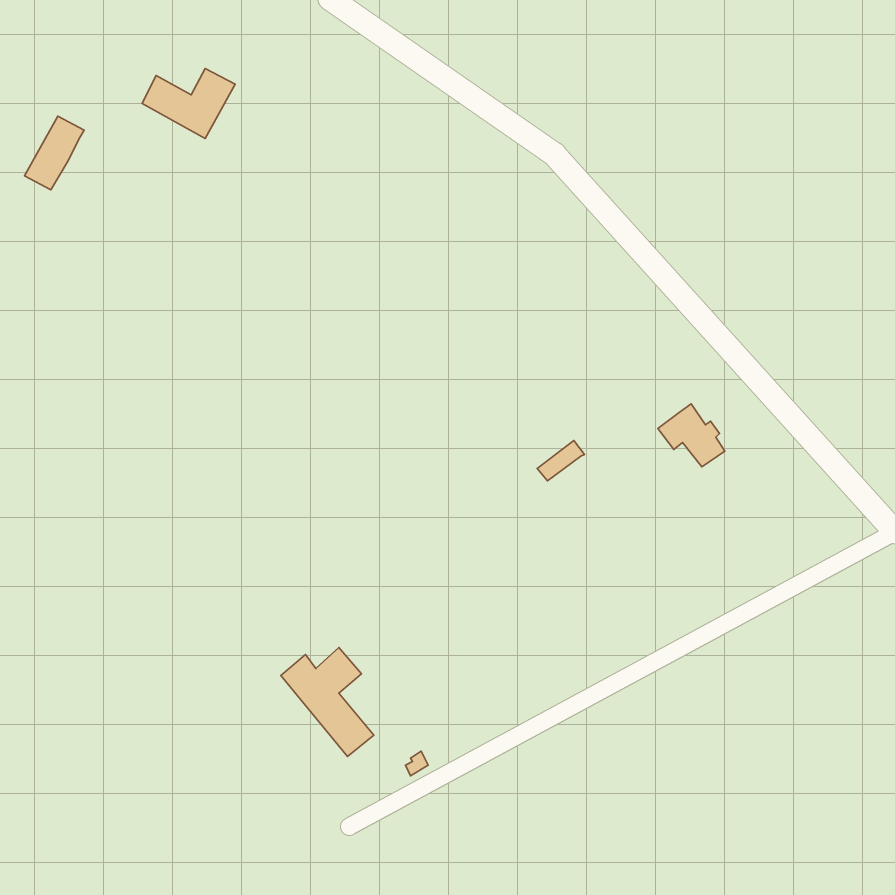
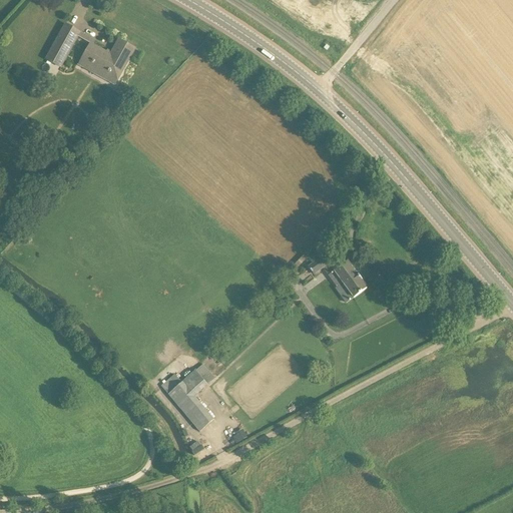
building: [25,116,84,190] -> [45,24,79,66]
building: [658,404,725,467] -> [328,262,366,298]

